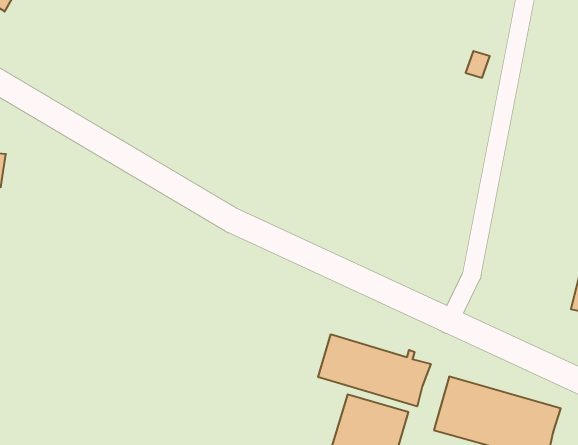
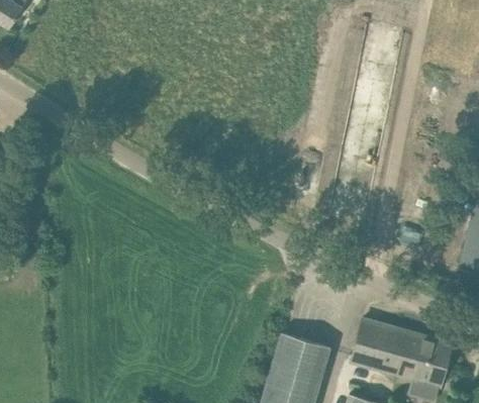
building: [318,334,431,406] -> none

